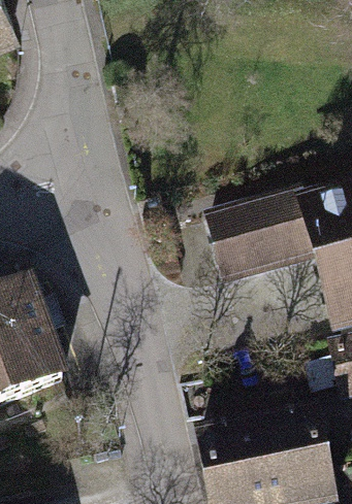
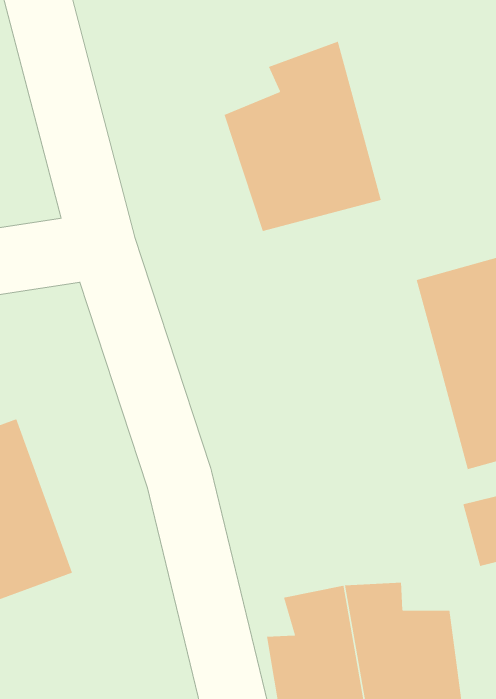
building: none -> [224,41,381,232]
building: [206,196,312,280] -> none

